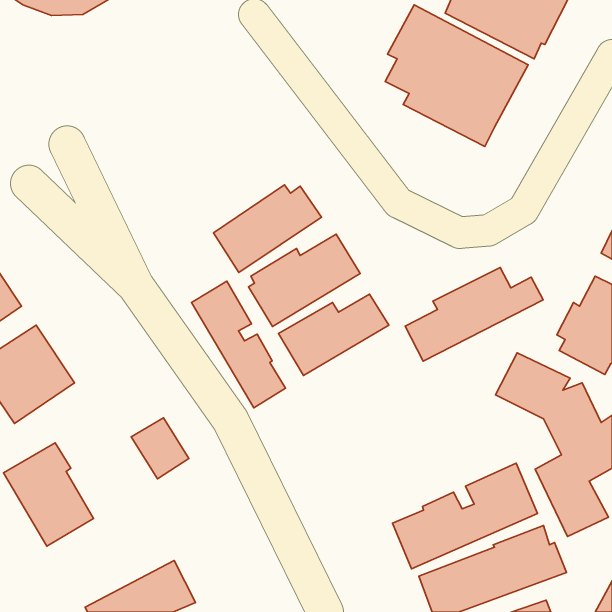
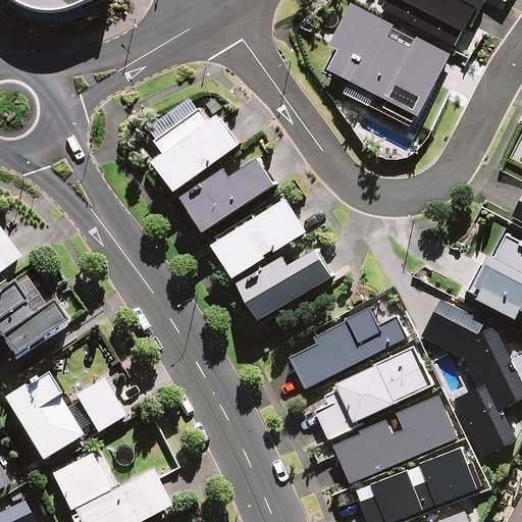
building: none -> [148,97,240,191]
building: [405,267,543,361] -> [291,308,408,387]
building: [192,281,286,408] -> none
building: none -> [315,348,430,438]
building: [131,418,189,479] -> [74,382,123,434]
building: none -> [50,458,107,513]

